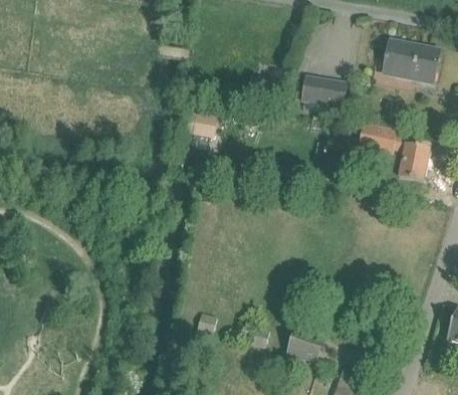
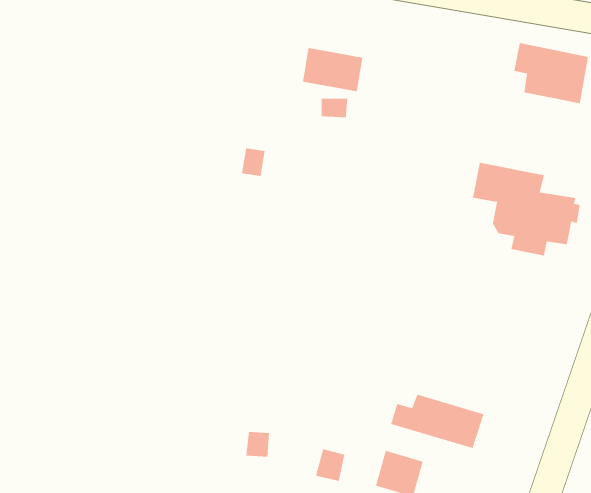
building: [303,75,347,107] -> [302,48,363,92]
building: none -> [390,394,484,449]

